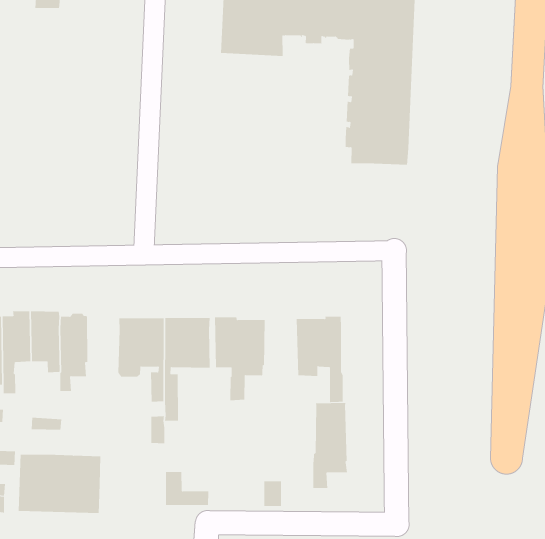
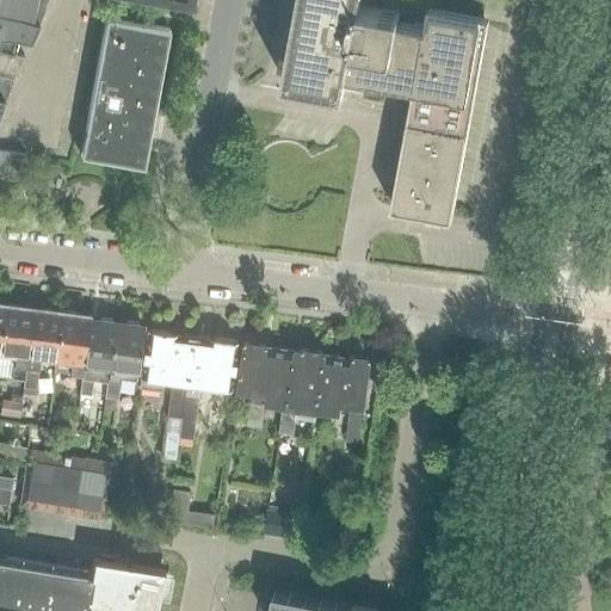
building: none -> [80,19,169,169]
building: none -> [105,325,143,401]
building: [312,402,348,489] -> [277,351,322,437]

